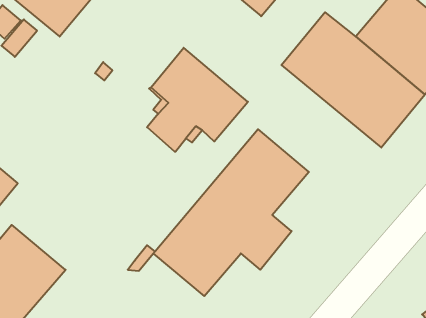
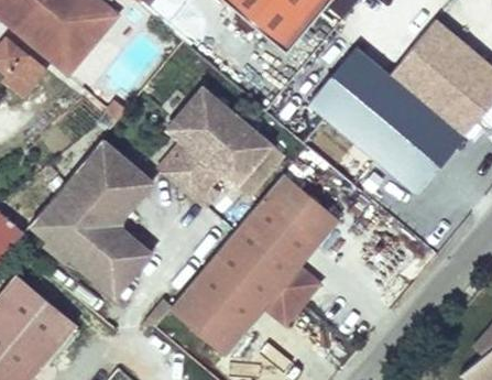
building: none -> [30,139,153,297]

